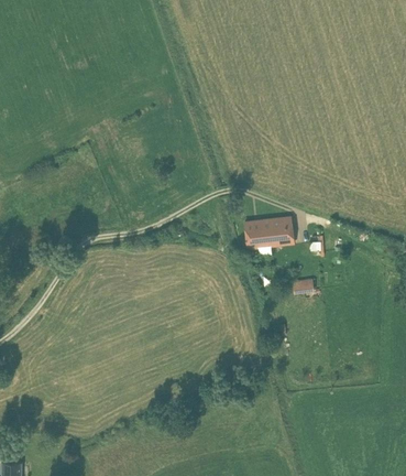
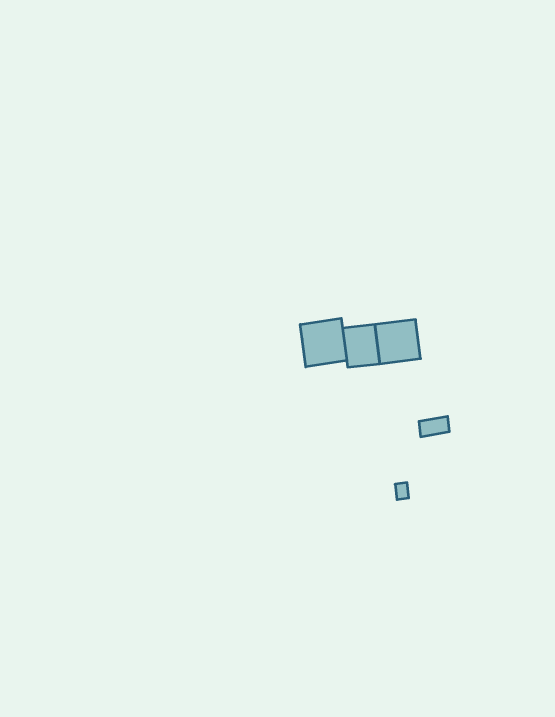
building: none -> [300,318,347,367]

